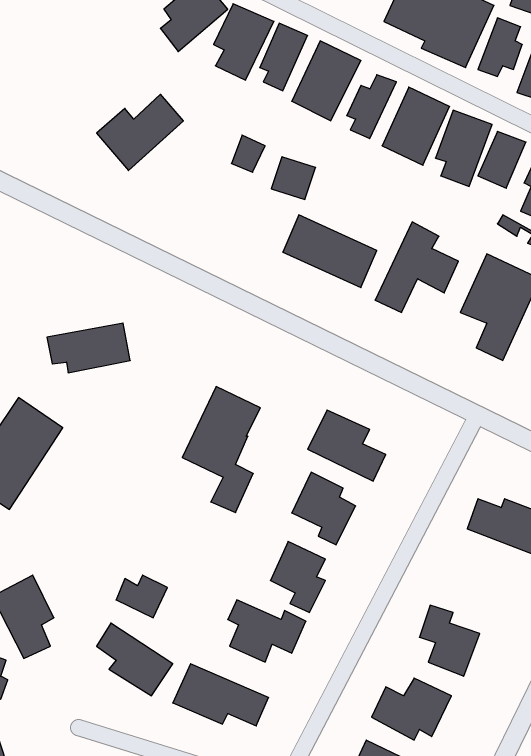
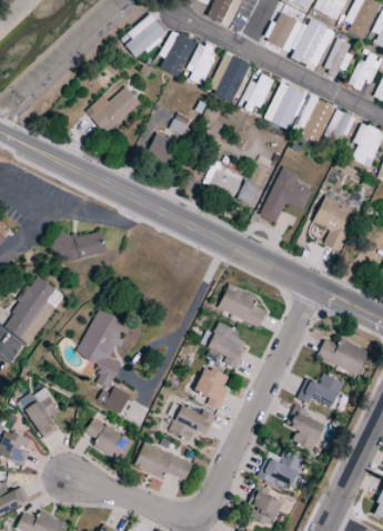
building: [271,157,316,199] -> [149,134,177,161]
building: [182,387,260,513] -> [77,309,125,388]
building: none -> [298,374,344,409]

